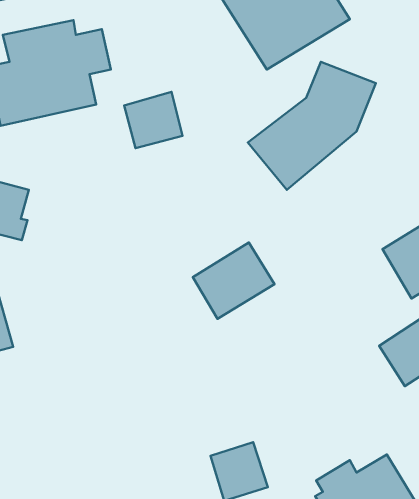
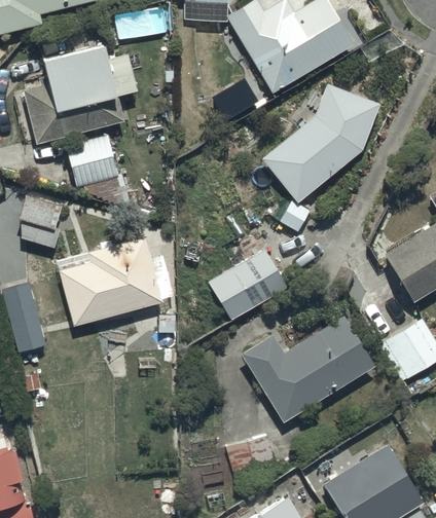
building: [124,92,183,148] -> [66,136,119,187]
building: none -> [57,239,172,326]
building: none -> [242,314,374,422]

